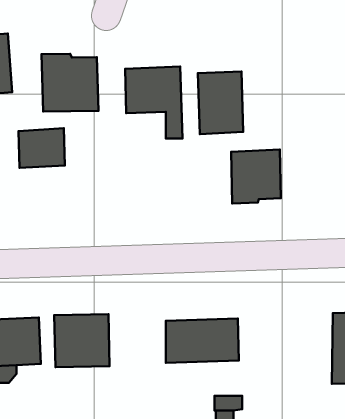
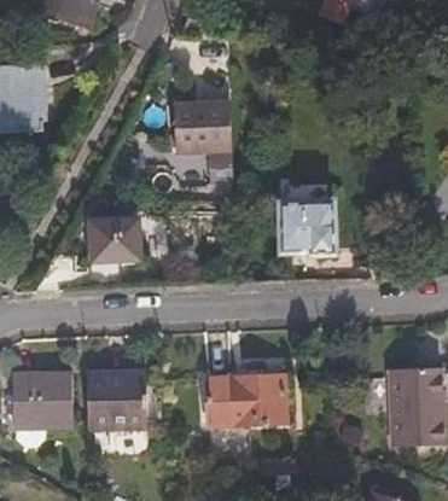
building: [41,54,98,111] -> none
building: [198,72,243,134] -> none
building: [18,128,65,168] -> [88,216,139,260]

